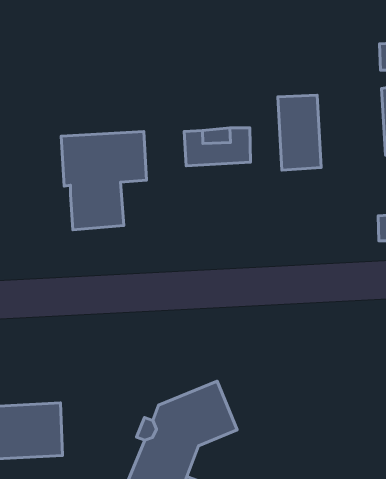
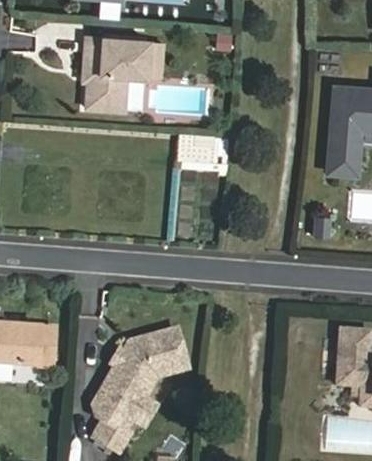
building: [278,95,321,170] -> none
building: [61,131,147,230] -> [83,36,149,110]

